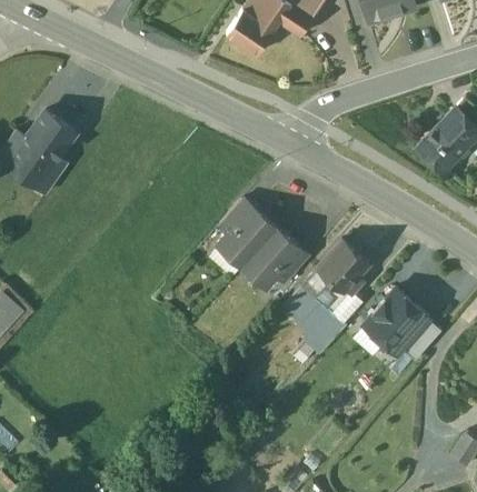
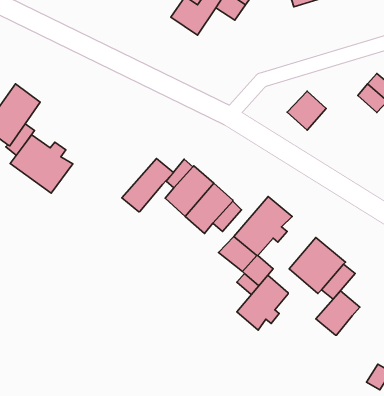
building: [420,124,466,170] -> [287,91,326,130]
building: none -> [10,135,73,193]
building: none -> [122,158,173,212]
building: none -> [237,275,288,330]
building: none -> [316,291,360,335]

